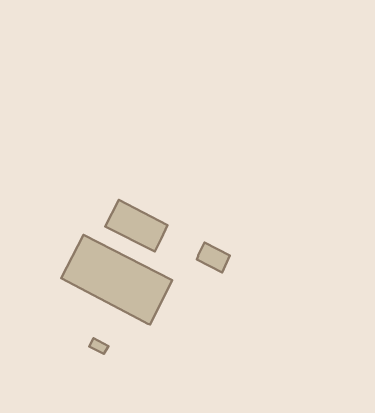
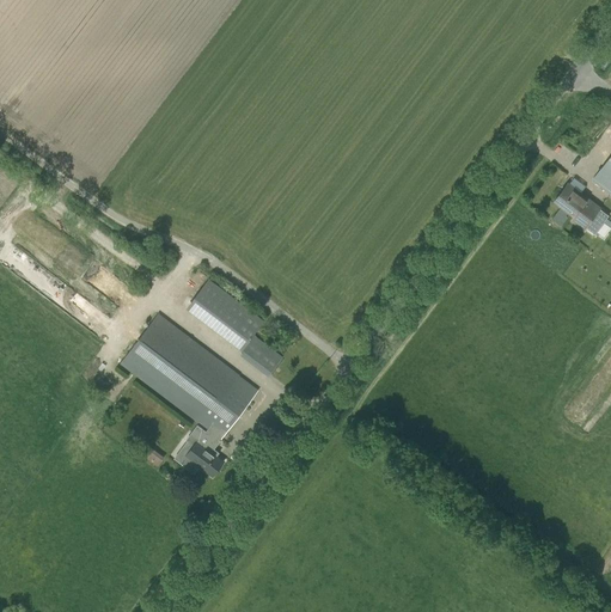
building: [197,243,230,272] -> [242,336,283,377]
building: none -> [187,426,224,476]

